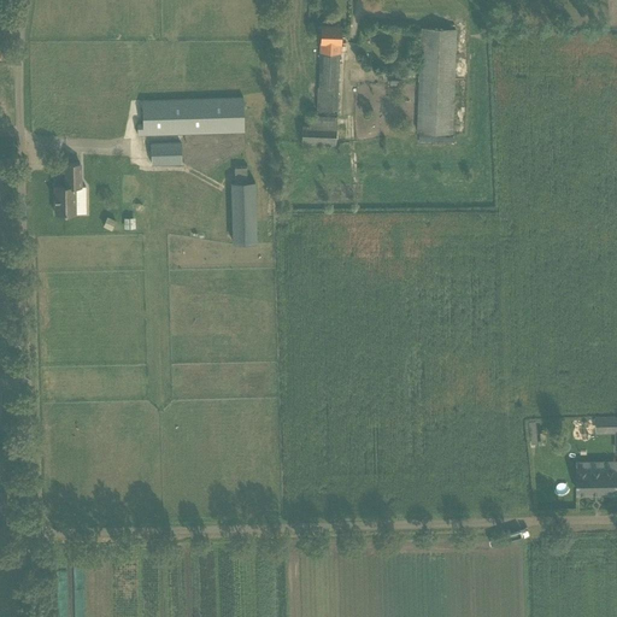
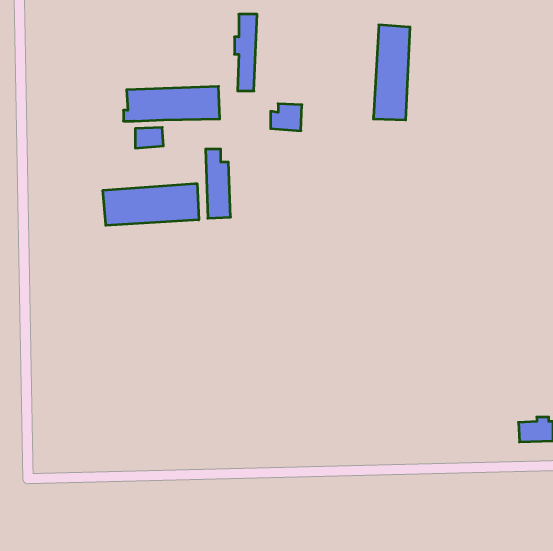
building: [316,27,341,112] -> [234,14,257,91]
building: [54,164,81,215] -> none
building: none -> [103,184,199,225]

